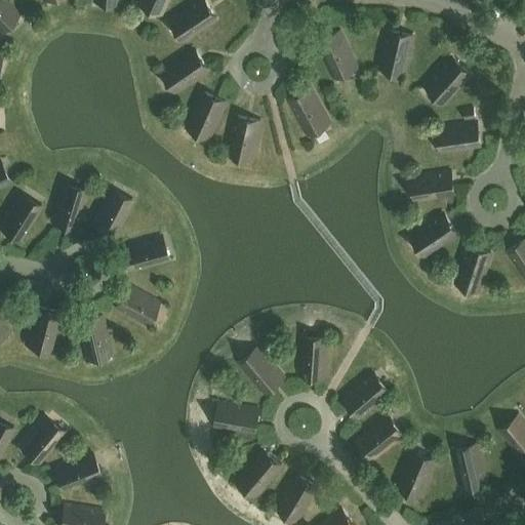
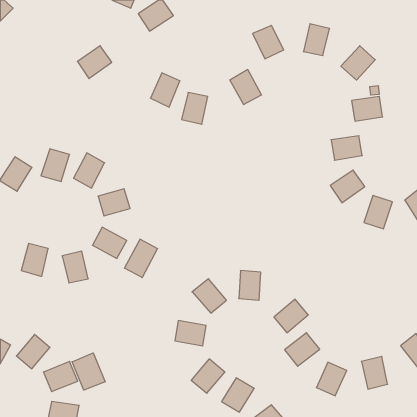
building: [166,50,209,91] -> [77,46,112,79]
building: none -> [125,239,158,278]
building: none -> [72,353,105,390]

